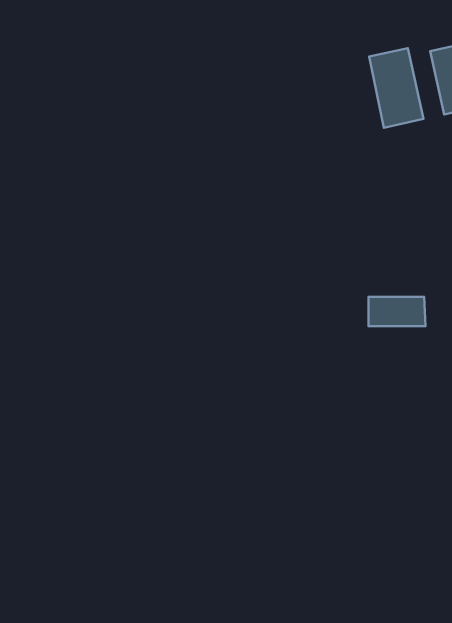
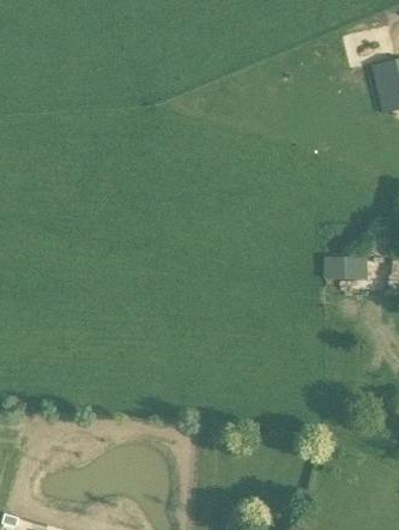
building: [369,48,424,128] -> none

